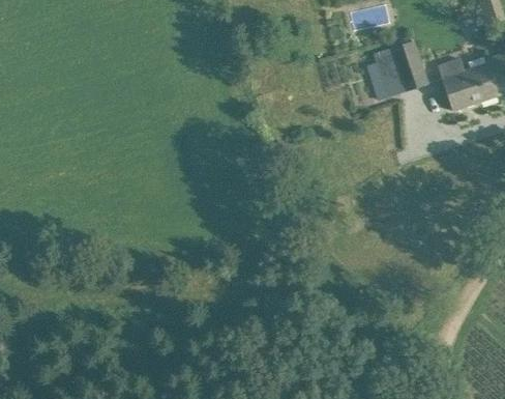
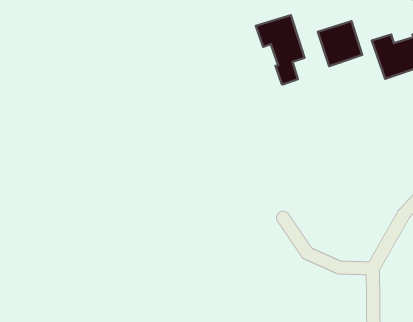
building: none -> [256,15,304,84]

